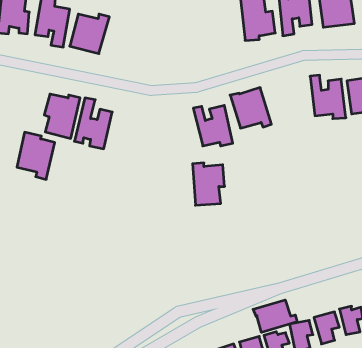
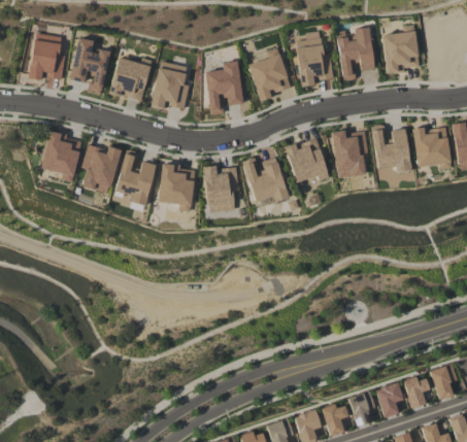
building: none -> [248,48,291,101]
building: none -> [152,62,189,109]
building: none -> [206,62,243,114]
building: none -> [331,131,369,178]
building: none -> [158,163,195,212]
building: [17,132,55,179] -> [41,131,82,182]
building: [193,163,225,205] -> [204,166,239,212]
building: [253,300,297,332] -> none

